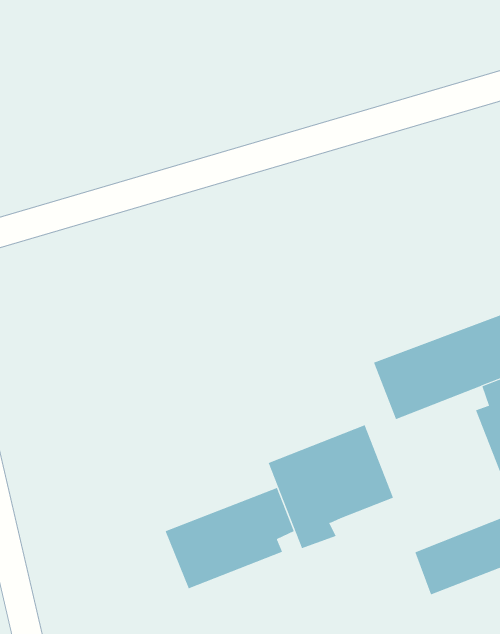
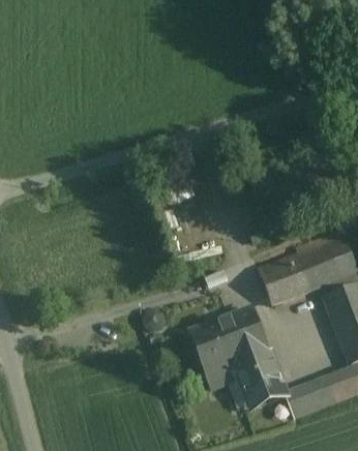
building: [165,487,295,589] -> none
building: none -> [237,355,285,402]

